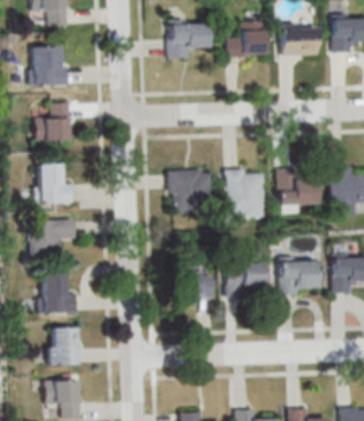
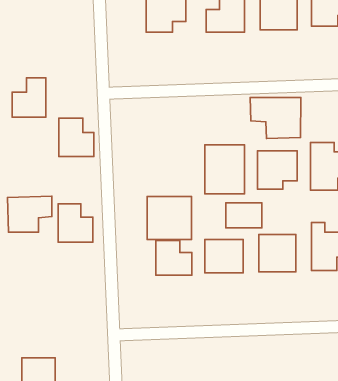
building: [32,46,65,84] -> none
building: none -> [250,97,301,138]
building: [38,164,72,202] -> [59,118,94,156]
building: [168,170,212,212] -> [147,196,192,240]
building: none -> [226,203,262,228]
building: [43,274,77,312] -> [58,204,93,242]
building: [49,327,79,363] -> none

